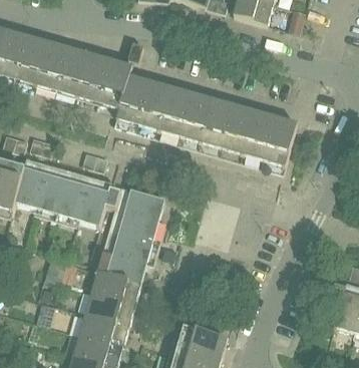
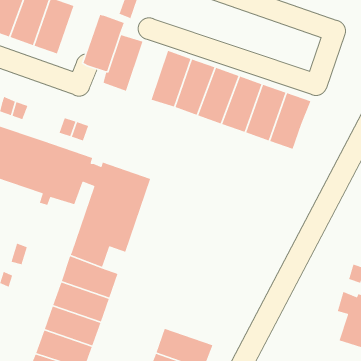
building: [76,53,110,102] -> none
building: [137,80,170,130] -> none

